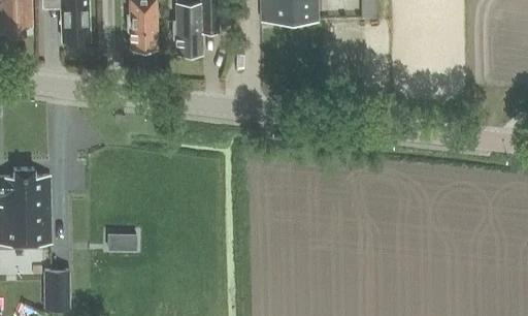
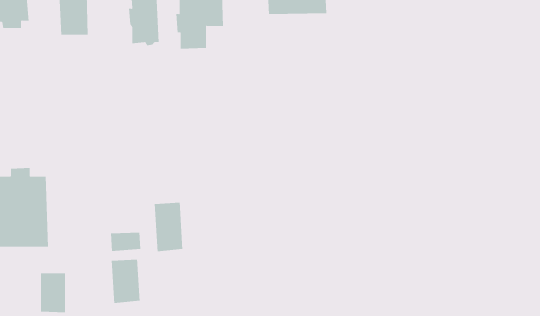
building: none -> [154,202,183,252]
building: none -> [111,259,140,304]

